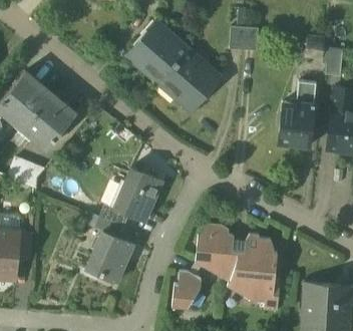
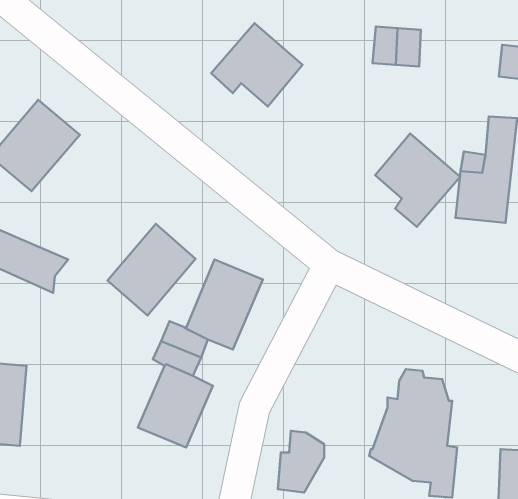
building: [165,49,217,105] -> [375,134,460,227]
building: [23,91,76,146] -> [107,224,196,315]
building: [195,223,238,281] -> none

